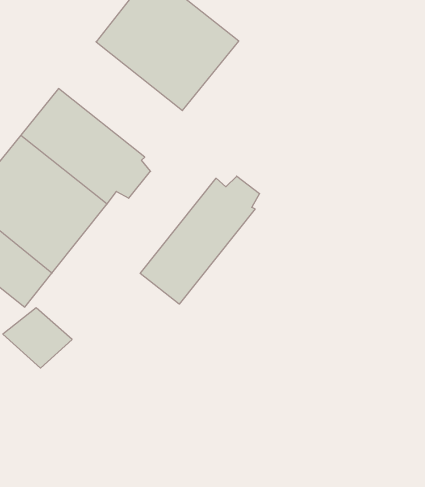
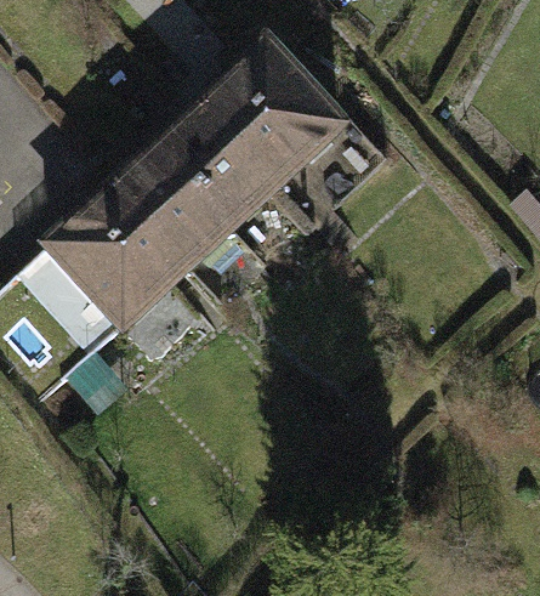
building: none -> [158,106,275,226]
building: [140,176,260,304] -> none

